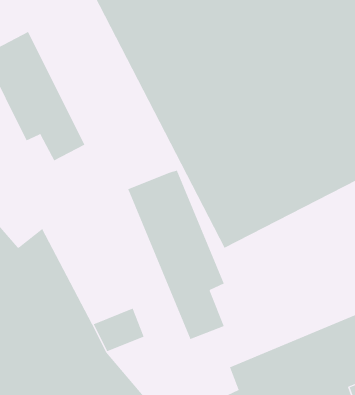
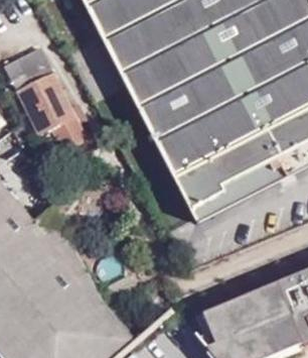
building: [127,170,225,340] -> none

